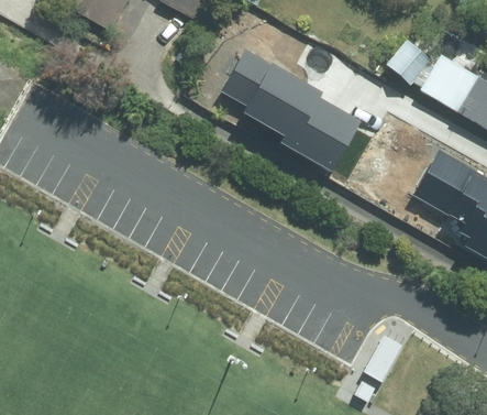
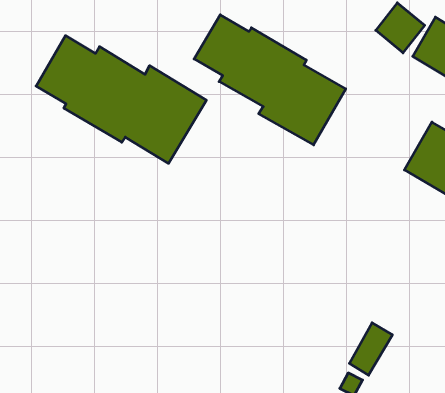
building: none -> [36,36,206,163]

